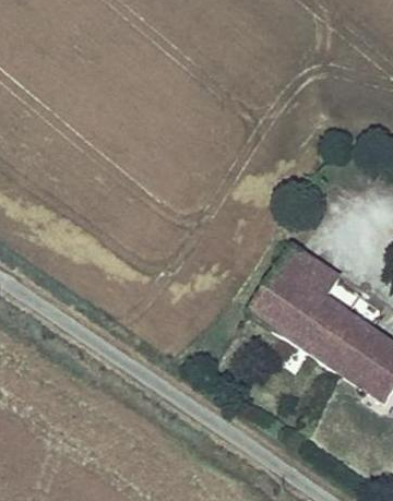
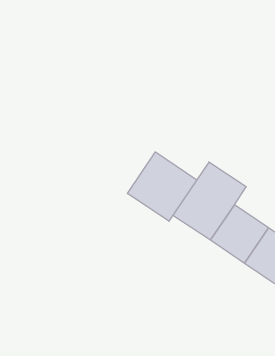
building: none -> [127,152,197,221]

